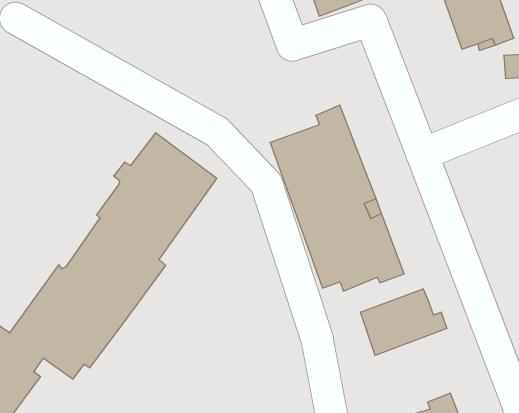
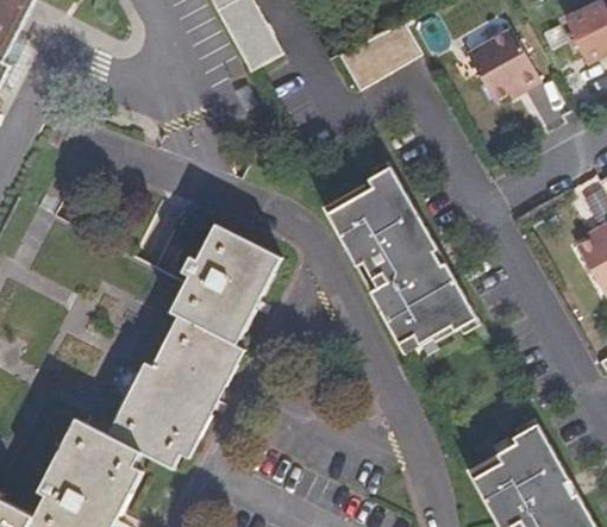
building: [361,289,447,355] -> none

